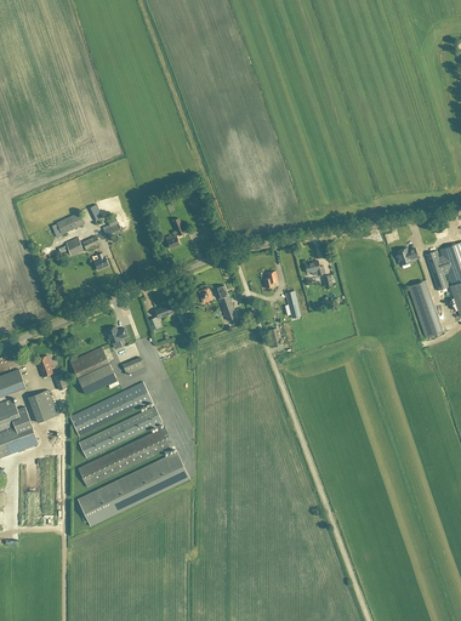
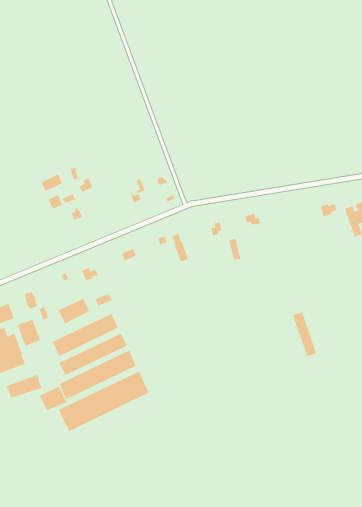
building: [406,283,442,337] -> [292,312,321,357]
building: [69,347,108,377] -> none
building: none -> [6,374,42,399]
building: none -> [39,386,67,411]

